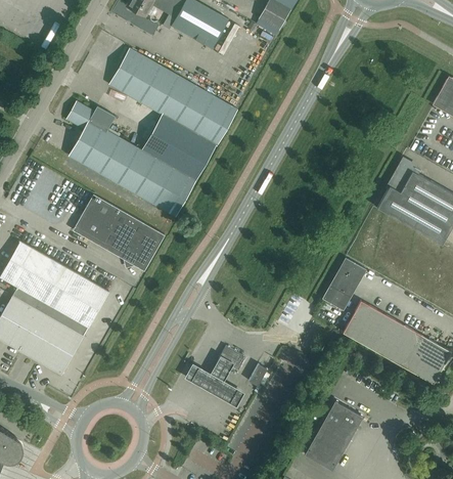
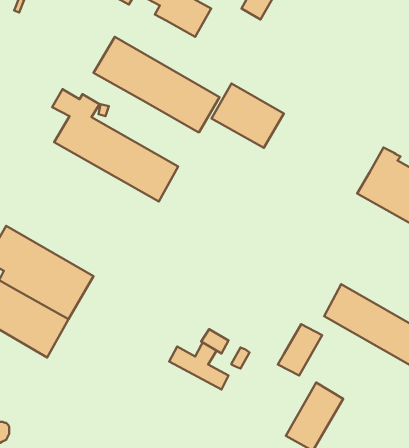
building: [141,115,215,180] -> [211,83,284,148]
building: [73,194,165,271] -> none
building: [321,258,366,310] -> [278,324,322,376]

